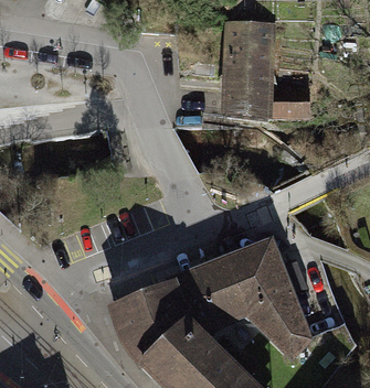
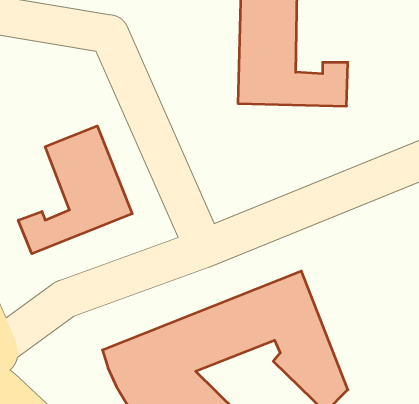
building: none -> [18,126,132,254]

